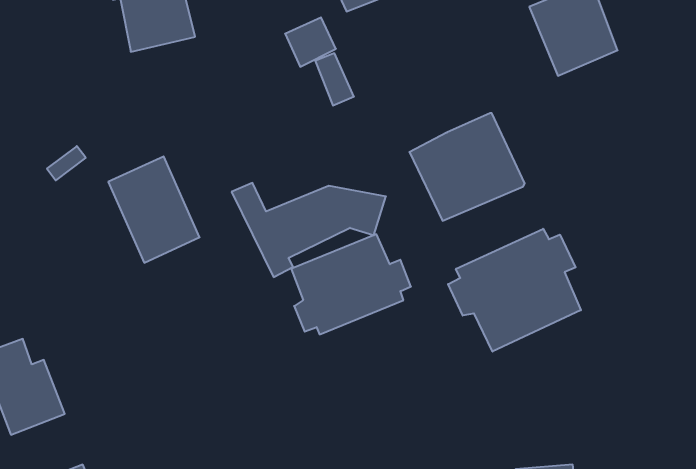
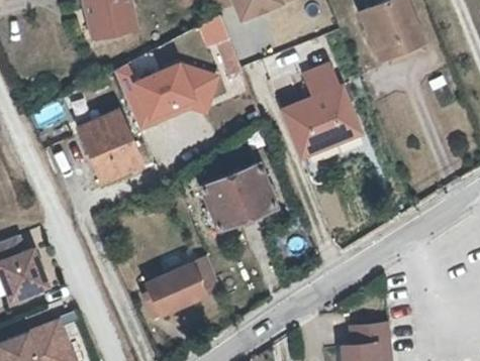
building: none -> [293,58,333,97]
building: [232,183,386,277] -> [114,64,218,127]
building: [448,229,581,352] -> none
building: none -> [145,258,220,315]

